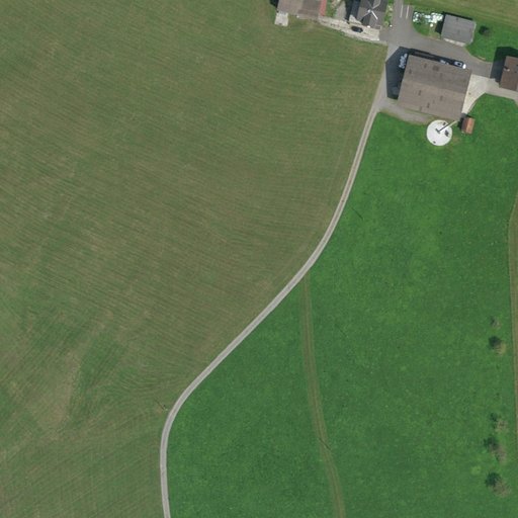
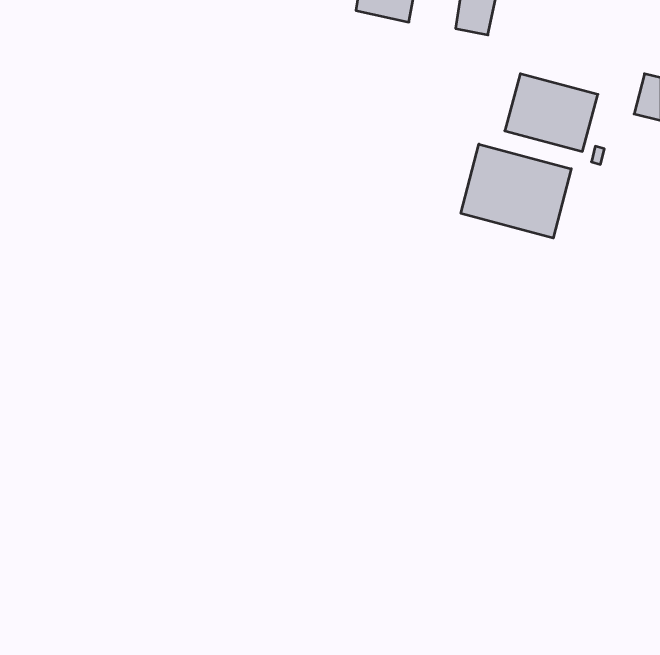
building: [441,12,476,40] -> none
building: none -> [461,144,571,238]

